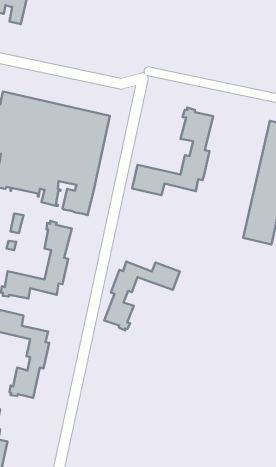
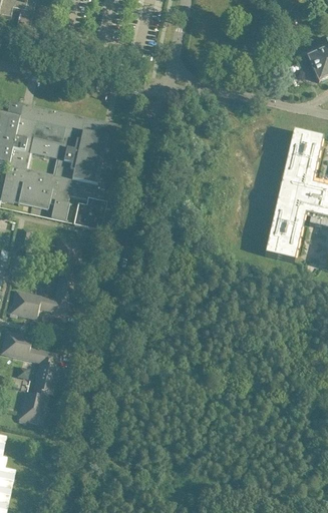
building: [132,107,213,195] -> none
building: [104,262,180,330] -> none

